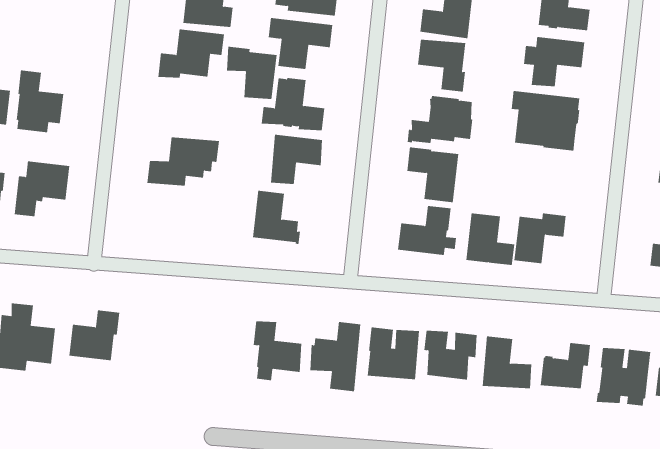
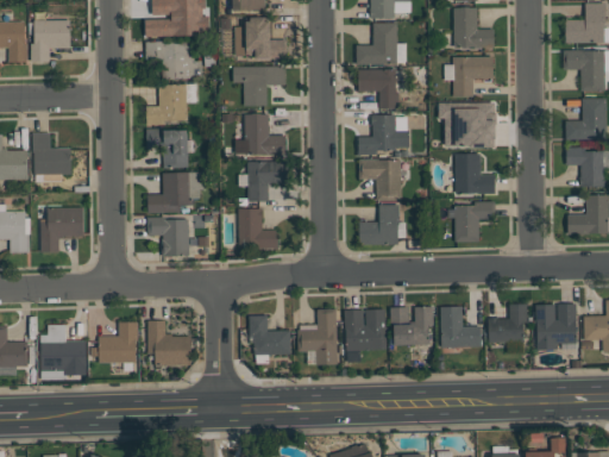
building: [226,46,277,99] -> [146,129,188,169]
building: none -> [147,217,189,256]
building: [465,213,515,266] -> [456,155,495,194]
building: none -> [147,321,192,365]

